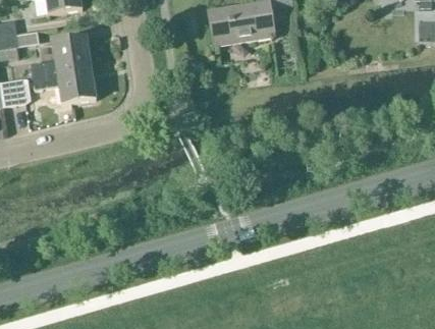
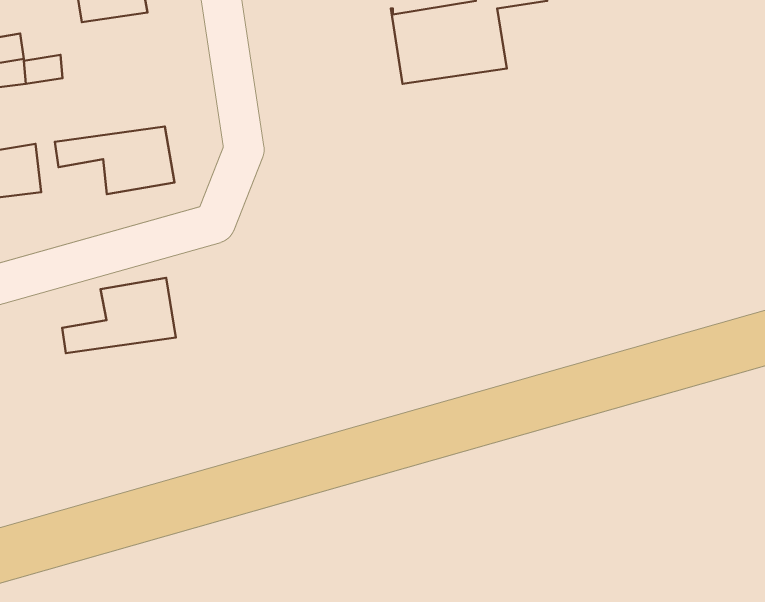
building: [31,37,91,76] -> [62,278,176,353]

